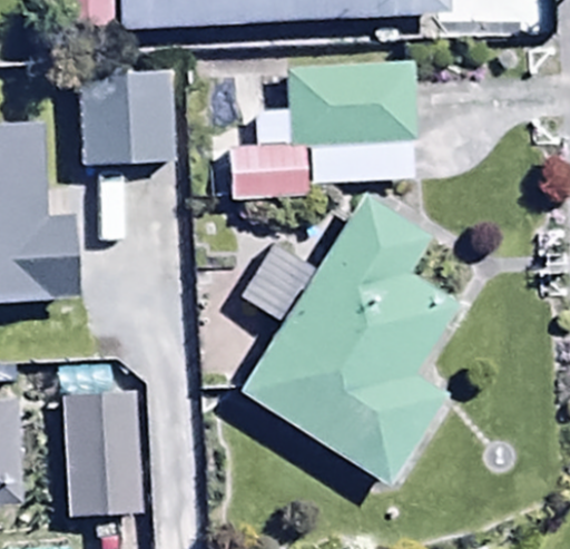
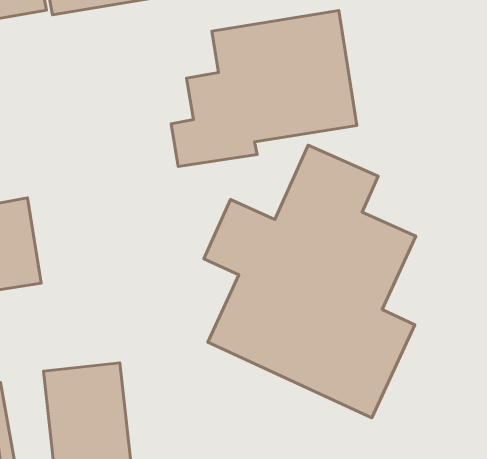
building: [72,67,174,167] -> none

